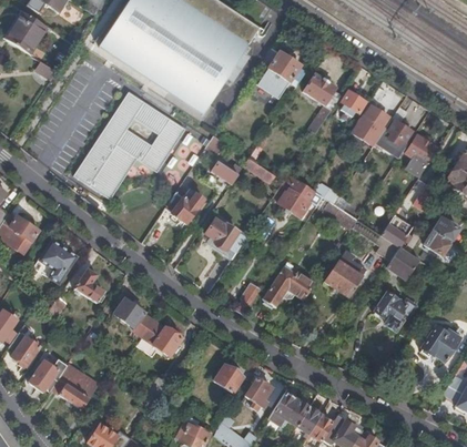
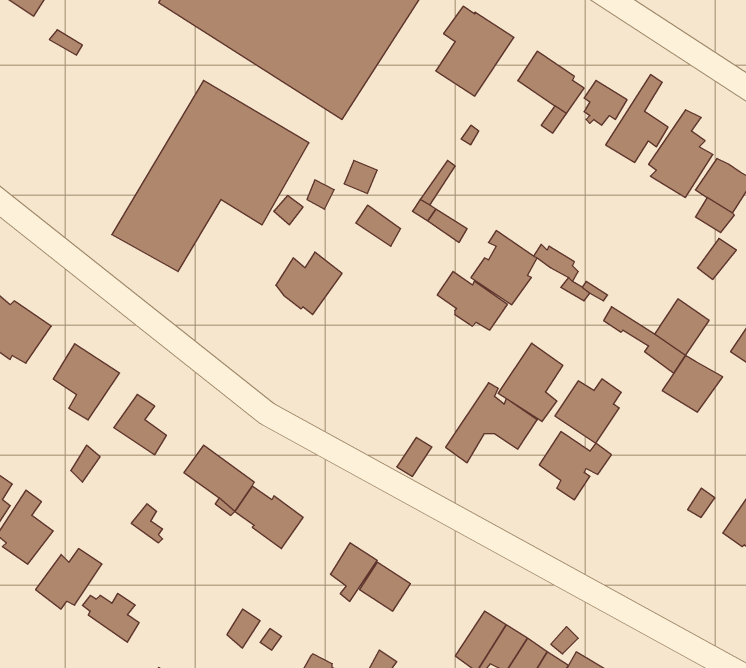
building: [205,219,245,252] -> [437,271,507,330]
building: none -> [498,343,563,422]
building: [375,292,416,331] -> [539,432,611,500]
building: [245,377,272,410] -> [330,543,377,601]

